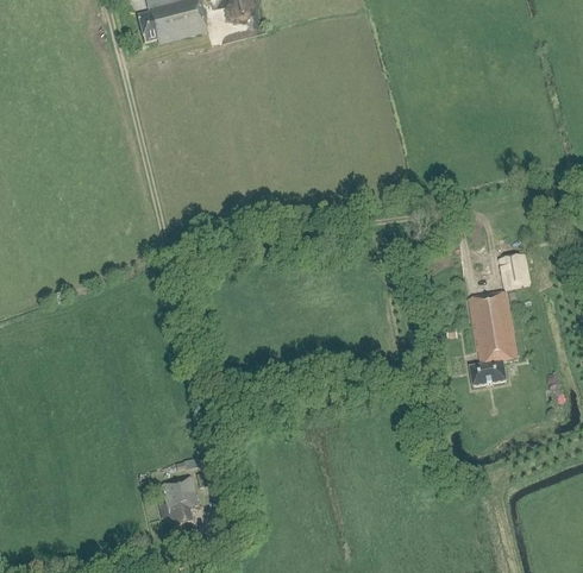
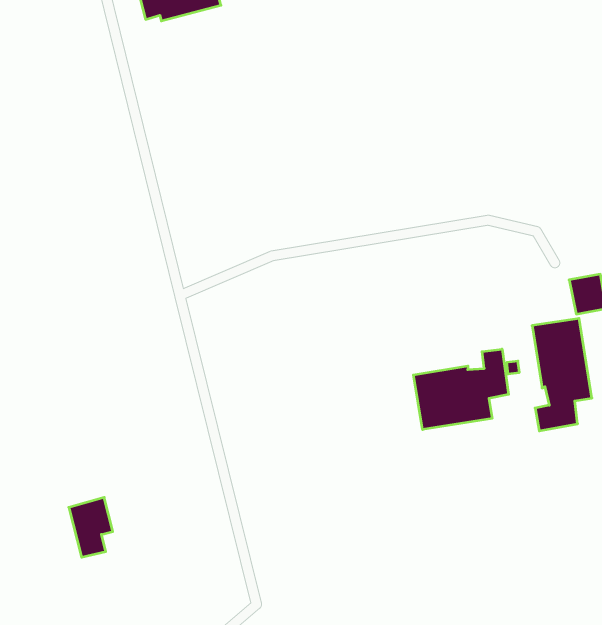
building: none -> [413,349,509,430]
building: [161,476,198,525] -> [69,497,113,557]

